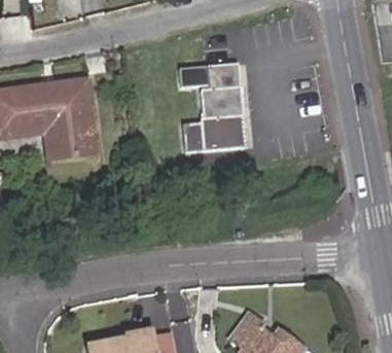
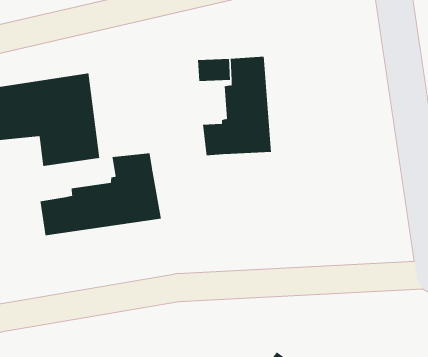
building: none -> [40,152,161,236]

